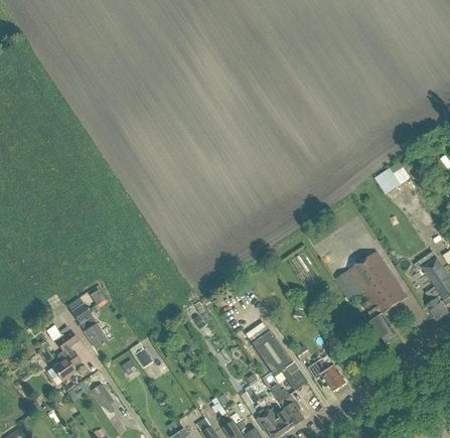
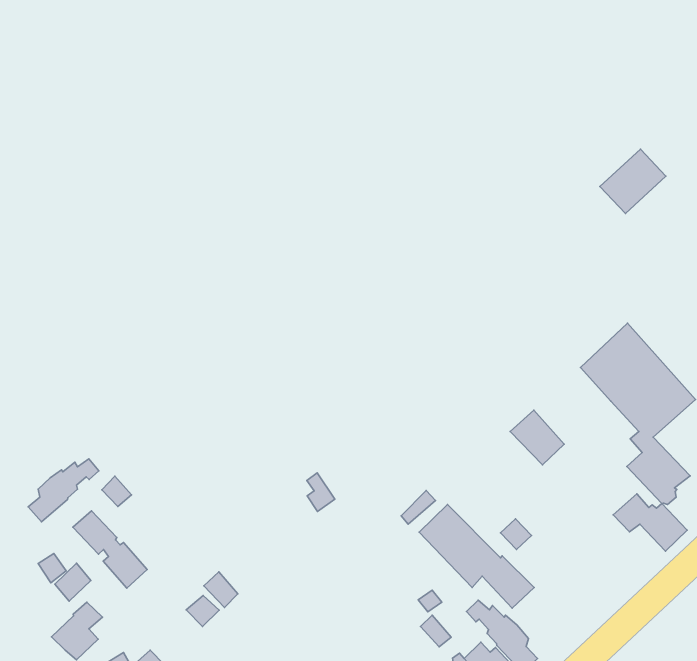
building: [335,270,362,299] -> [510,410,564,465]
building: none -> [28,459,99,522]
building: [307,357,344,390] -> [613,494,687,551]

